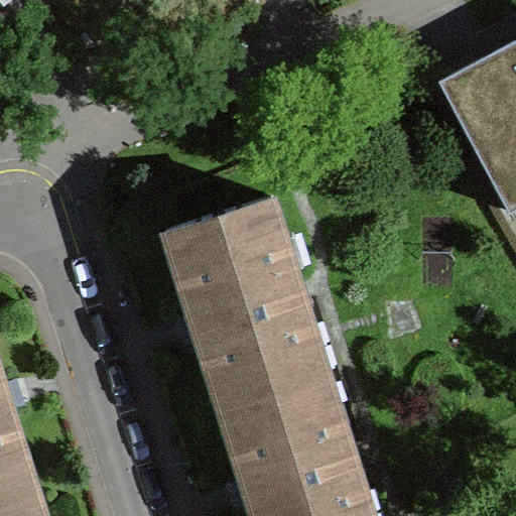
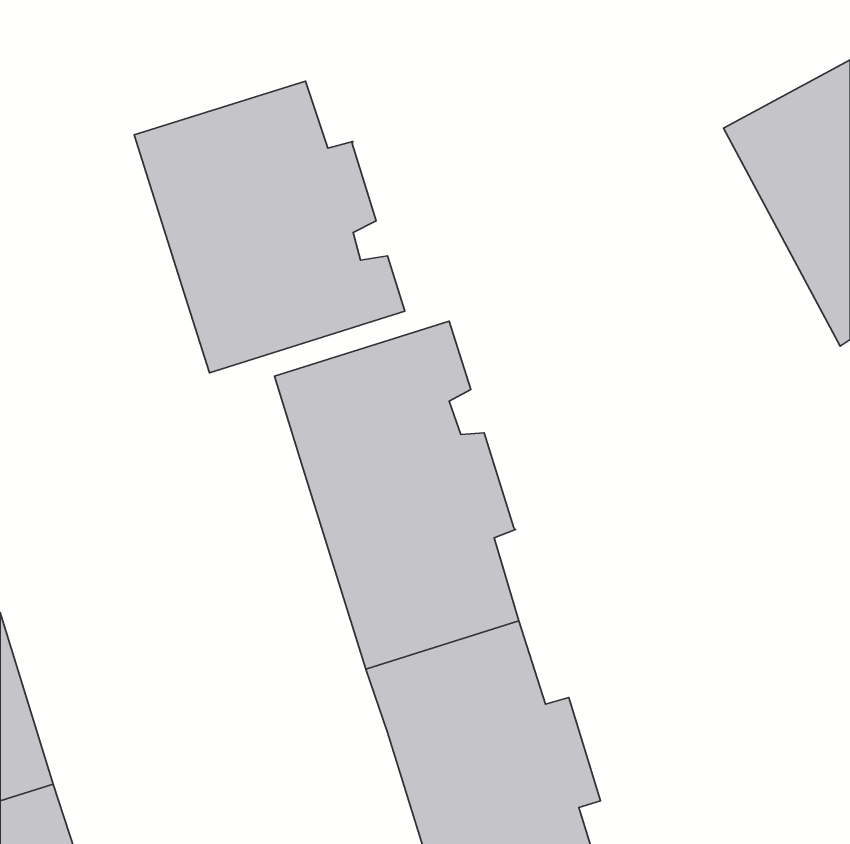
building: none -> [134,81,405,373]

